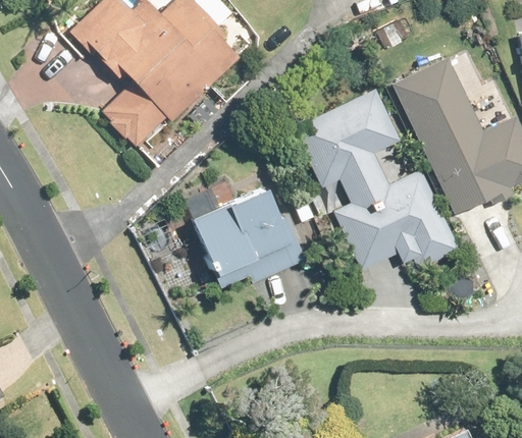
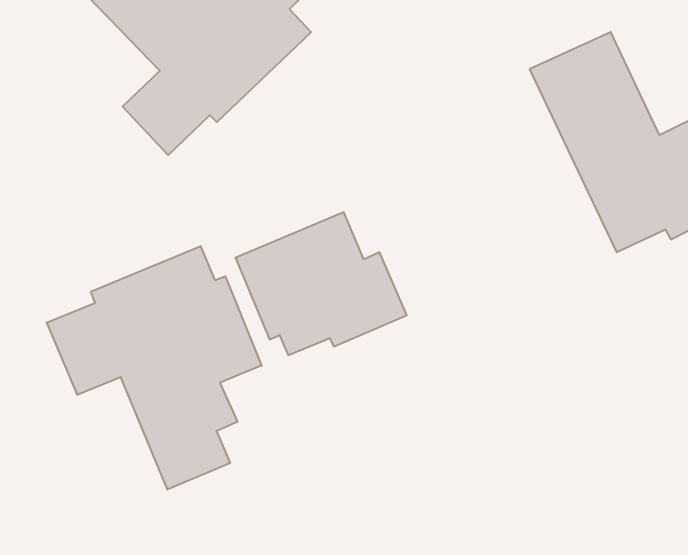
building: [294,86,461,276] -> none
building: none -> [47,246,262,490]

